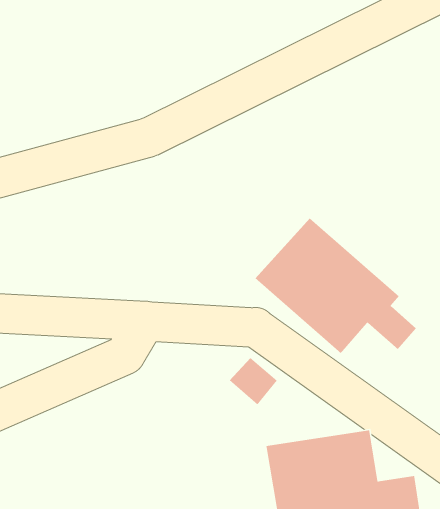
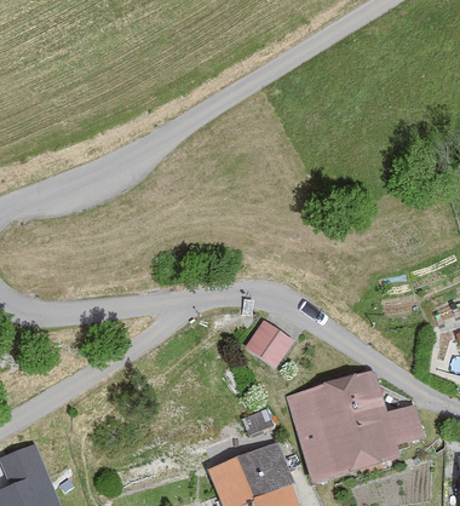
building: [255,218,417,354] -> none

